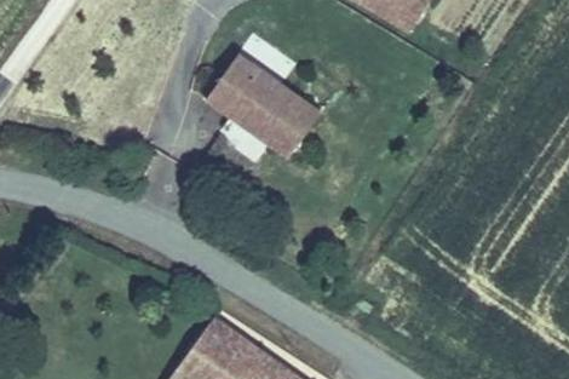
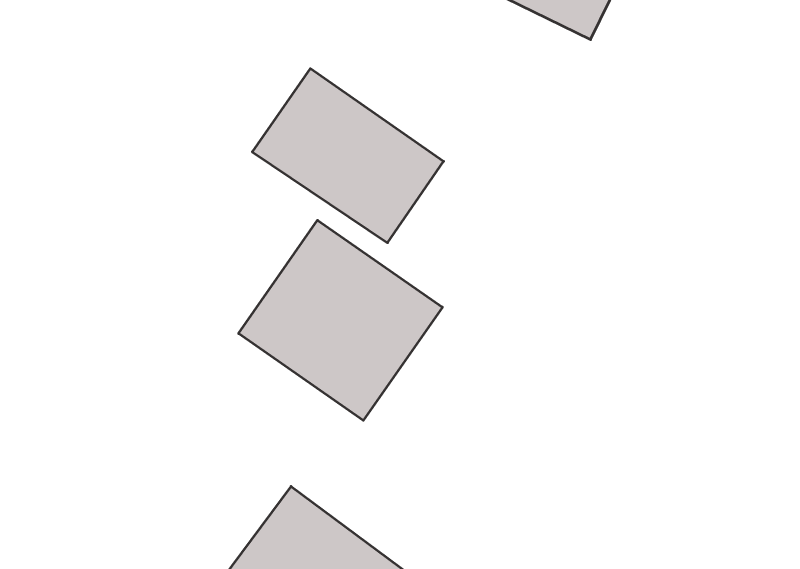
building: none -> [239,220,442,420]

